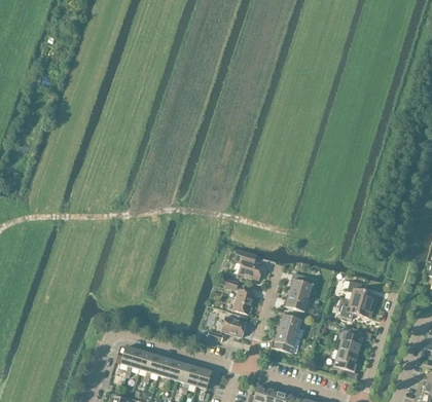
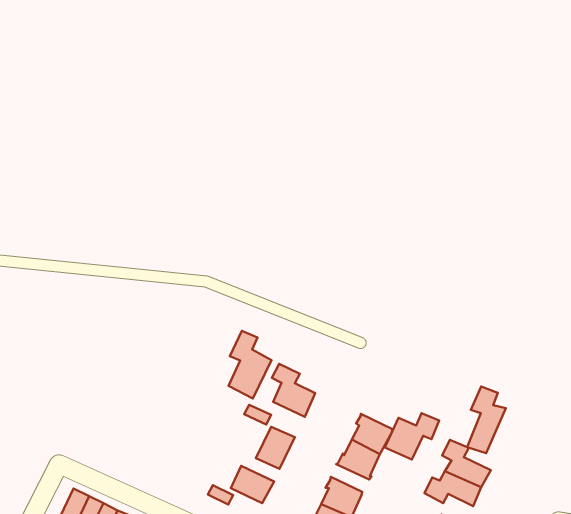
building: none -> [228,331,271,399]
building: none -> [467,387,506,453]
building: none -> [385,413,439,459]

